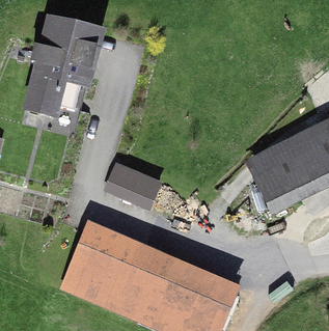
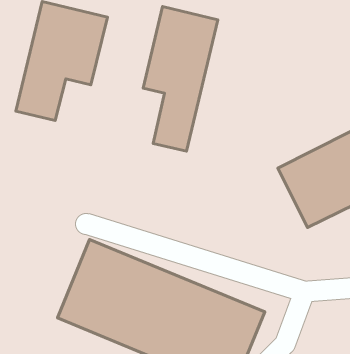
building: none -> [143,6,218,151]
building: [104,162,163,210] -> none

